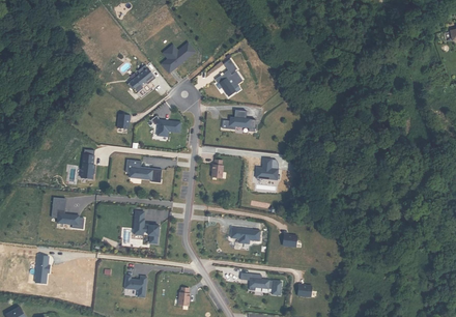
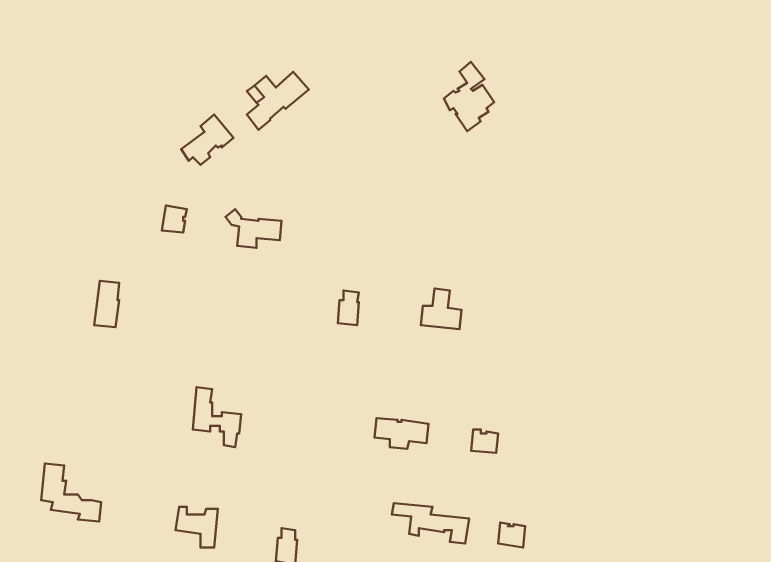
building: [216,58,243,95] -> [444,62,494,131]
building: [222,109,256,131] -> none
building: [125,158,162,181] -> none
building: [52,197,84,228] -> [41,464,101,522]

